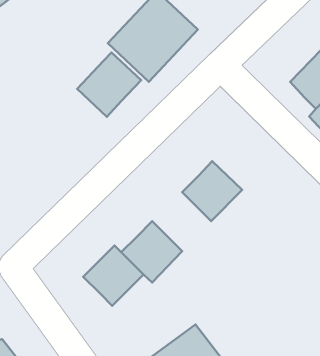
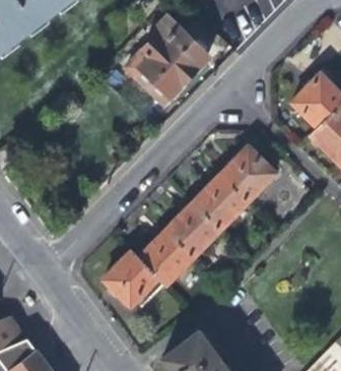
building: [77,52,141,117] -> none
building: none -> [221,145,282,202]
building: none -> [166,204,220,258]

